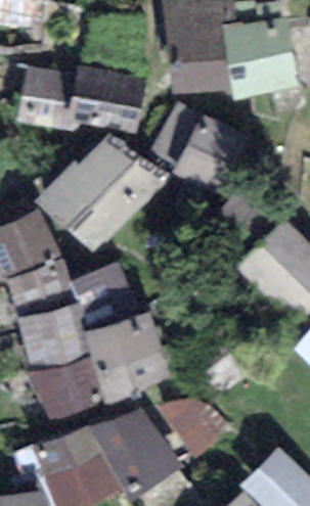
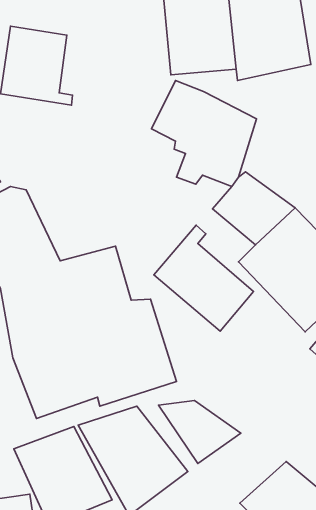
building: [71,60,148,128] -> none
building: [35,129,167,249] -> none
building: none -> [154,225,253,331]

